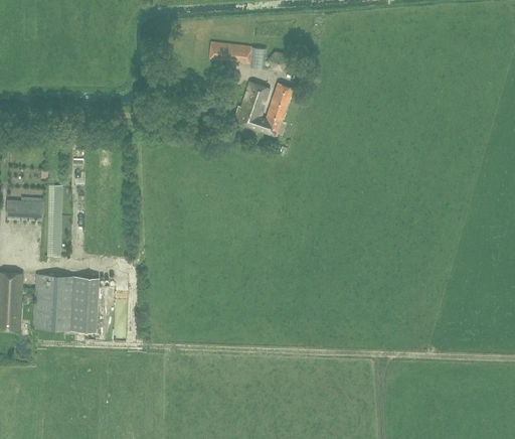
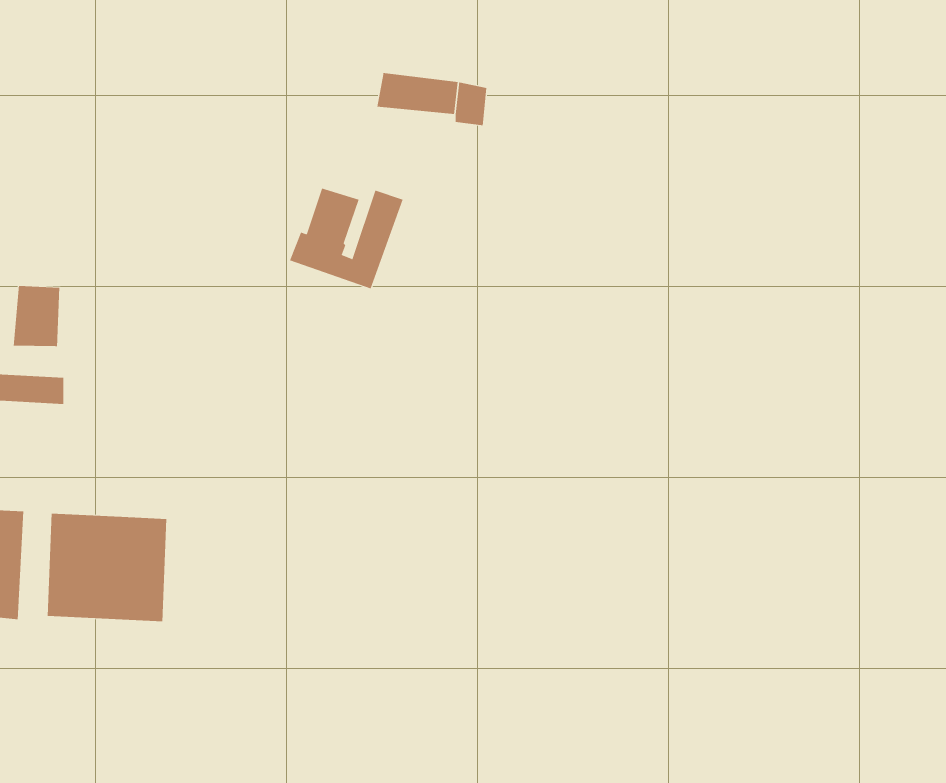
building: [232,82,293,135] -> [289,188,403,289]
building: none -> [13,285,60,347]

